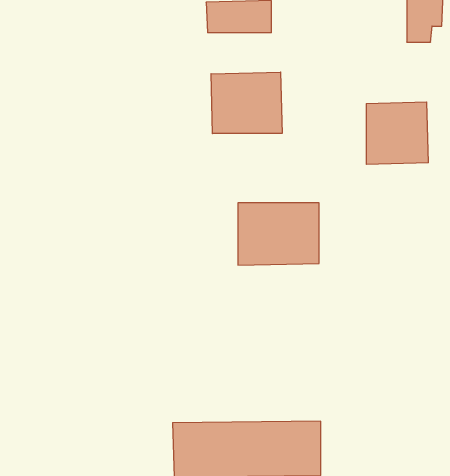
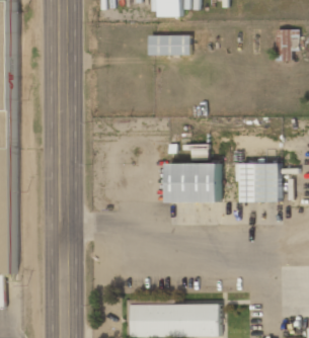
building: [211,72,282,134] -> none
building: [366,102,428,164] -> [240,163,280,202]

